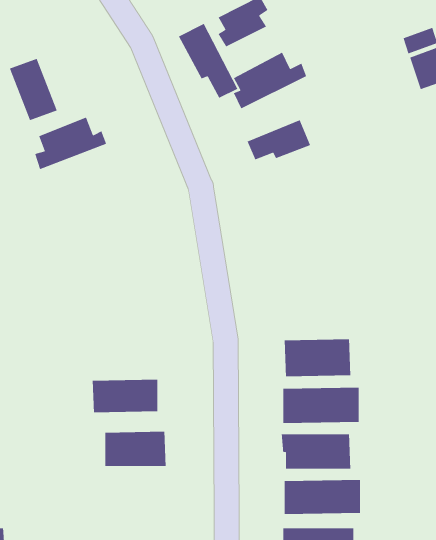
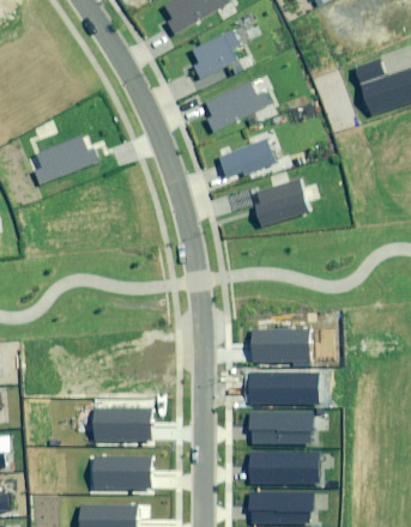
building: [178,23,238,99] -> none
building: [9,58,58,121] -> none
building: none -> [255,180,308,226]
building: [92,379,158,413] -> [91,459,149,489]

